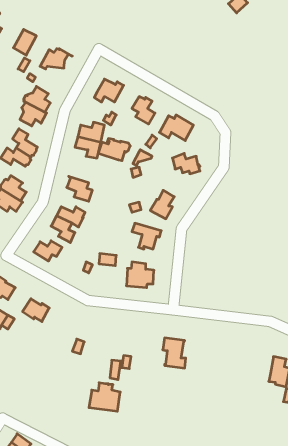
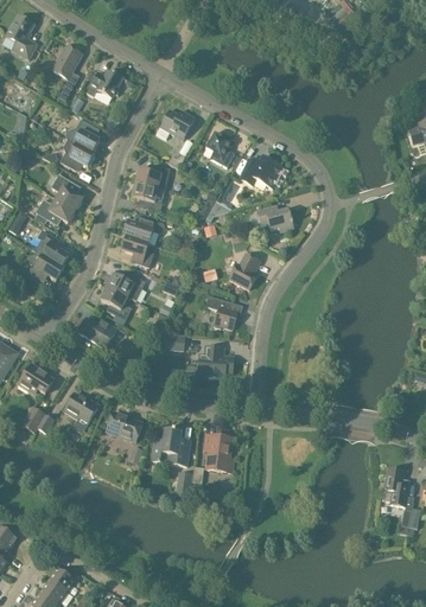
building: [98,139,130,161] -> [123,216,165,244]
building: none -> [107,411,142,441]
building: [163,338,186,368] -> [204,433,234,472]
building: [89,383,120,411] -> [151,428,191,465]

